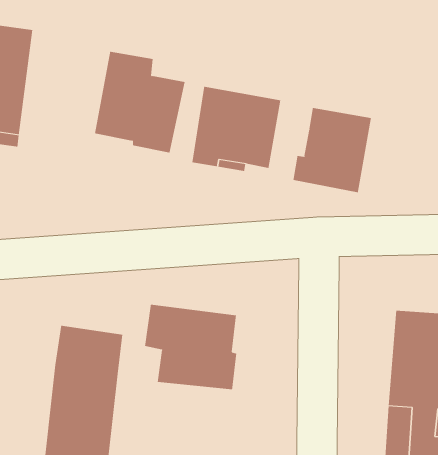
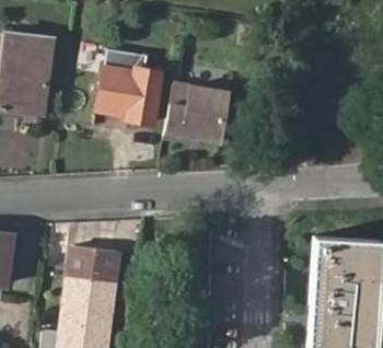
building: [293,107,372,193] -> none
building: [145,304,237,390] -> none

